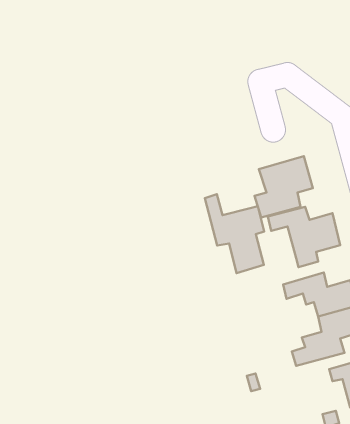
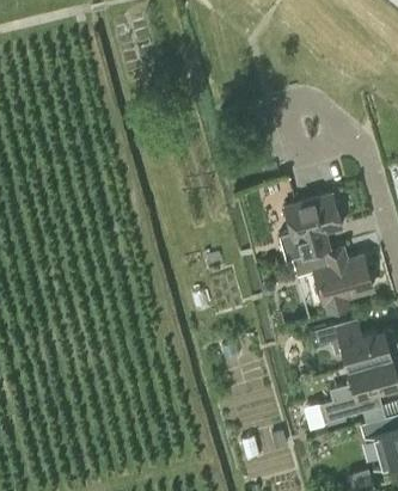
building: [205,194,264,273] -> none

